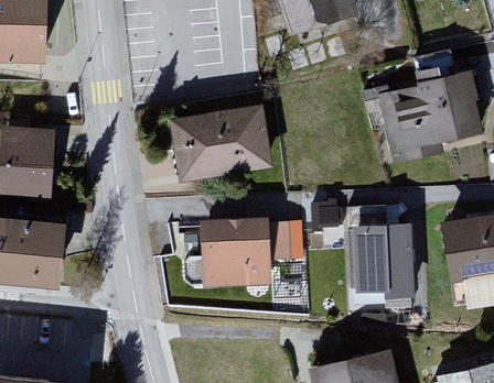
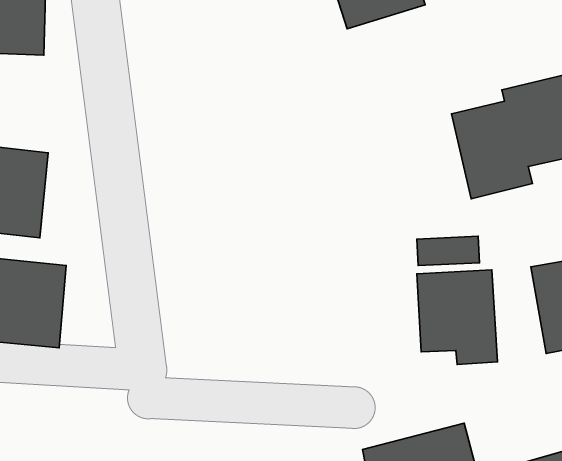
building: [169,103,271,180] -> none
building: [197,212,302,283] -> none

